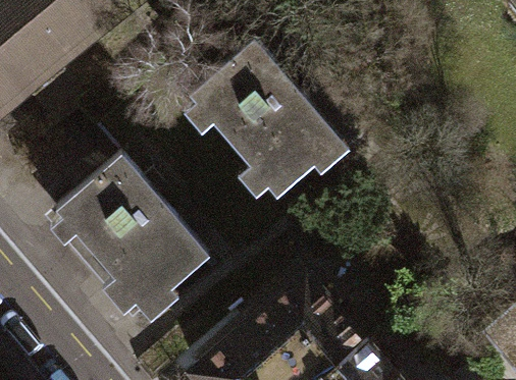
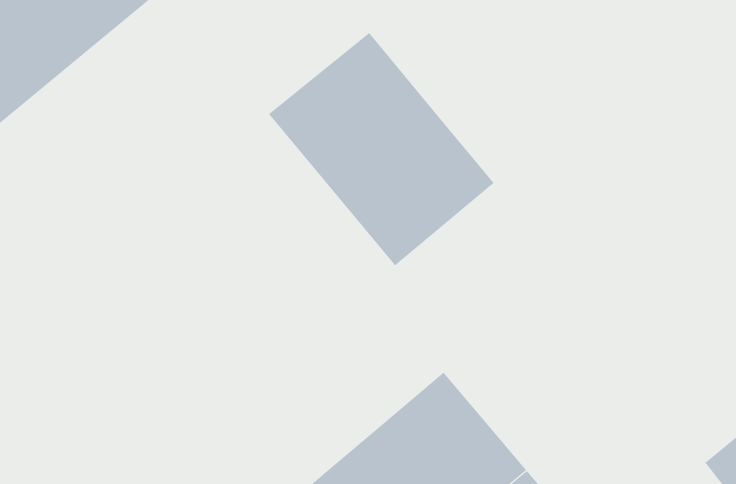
building: [55,154,209,313] -> none

